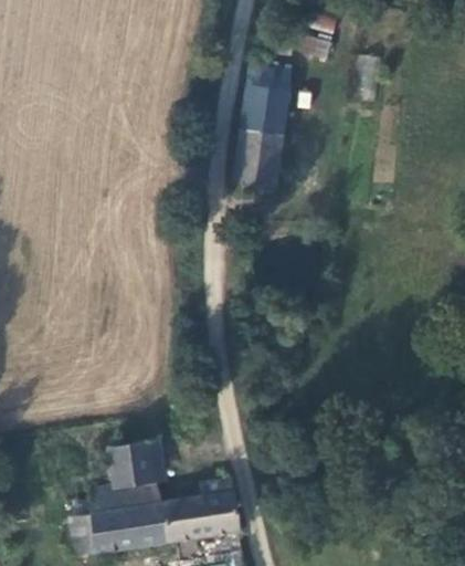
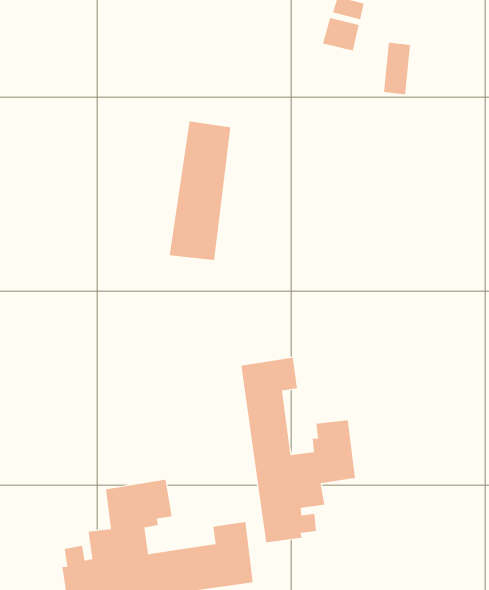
building: [234,64,289,188] -> [169,121,231,261]
building: none -> [241,357,355,543]

